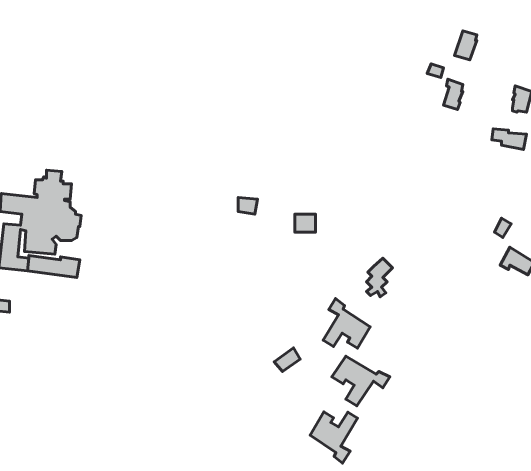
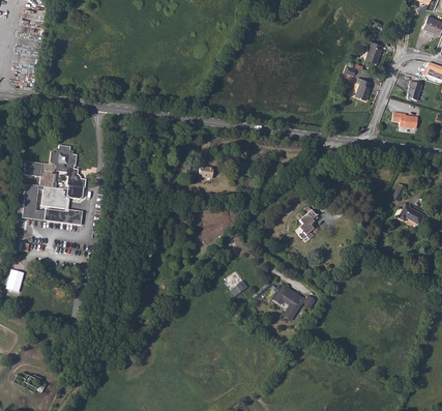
building: [323,299,370,348] -> none
building: [310,412,358,463] -> none

